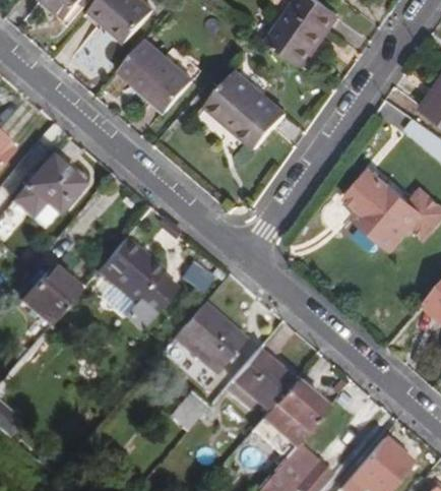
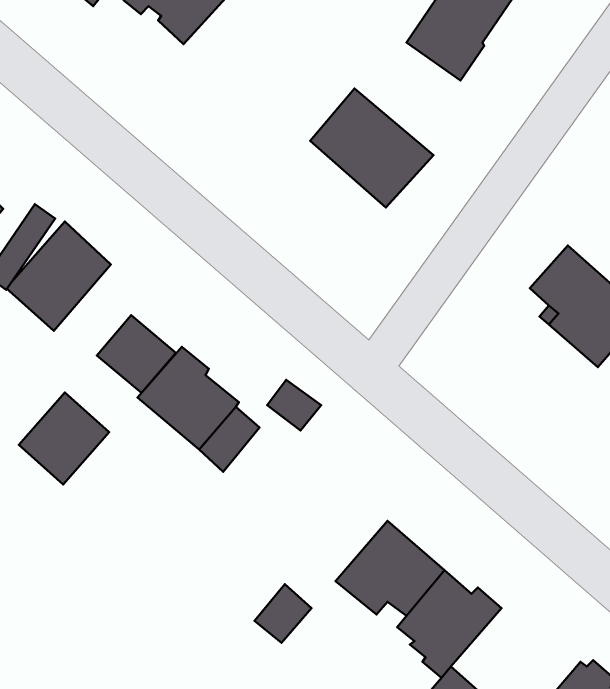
building: [119,39,192,111] -> none
building: none -> [97,315,176,393]
building: [174,302,244,372] -> none

